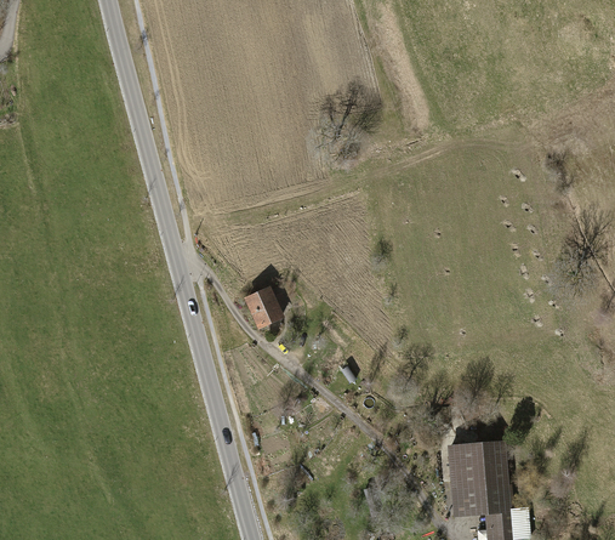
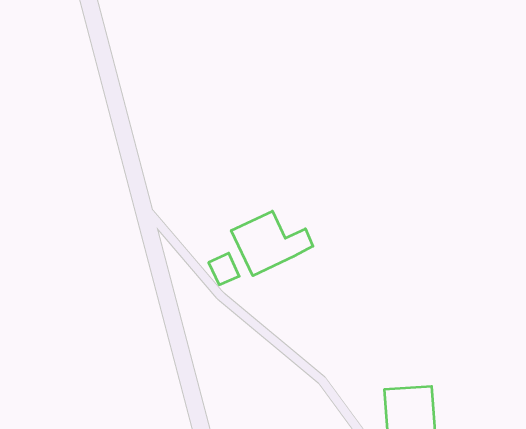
building: none -> [231,211,313,276]

